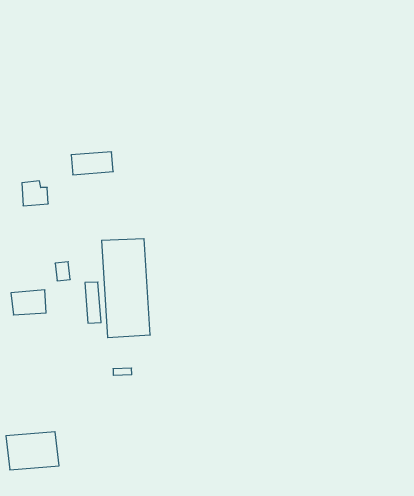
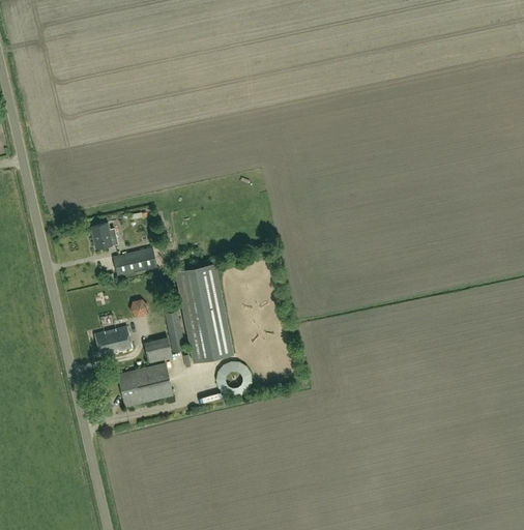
building: [71,152,113,175] -> [113,248,155,275]
building: none -> [143,336,172,363]
building: [6,432,59,470] -> [117,364,172,407]

